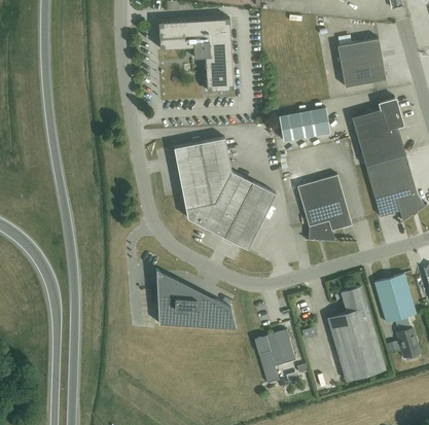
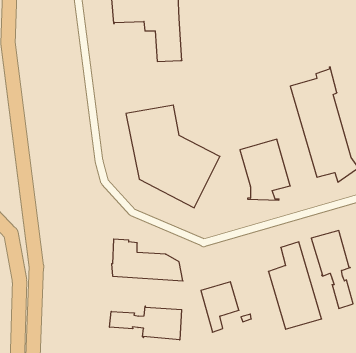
building: [337,38,386,86] -> none
building: [280,108,331,141] -> none
building: none -> [110,306,182,340]

